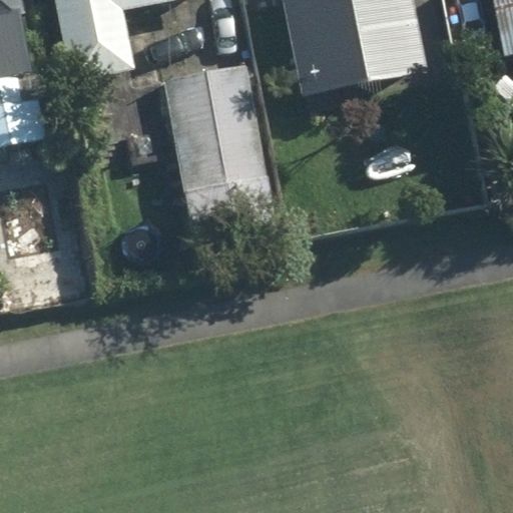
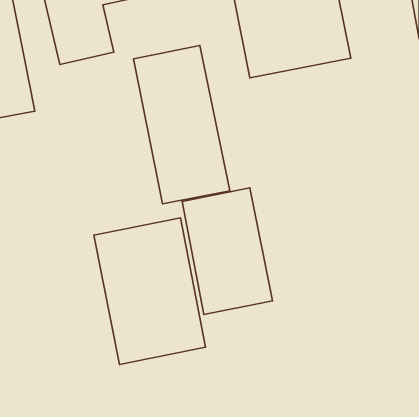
building: none -> [182,188,272,315]
building: none -> [94,218,205,364]

